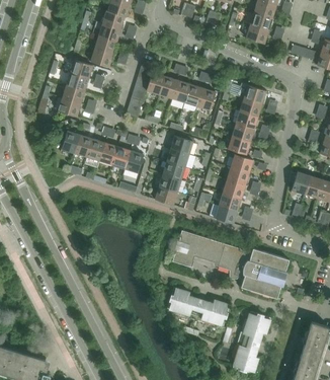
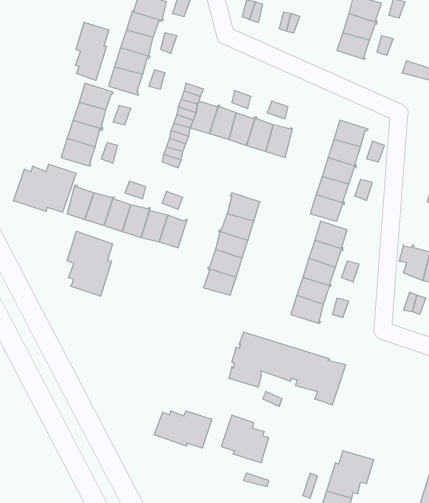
building: none -> [76,22,109,80]
building: none -> [13,164,76,212]
building: none -> [67,231,113,296]
building: [241,248,290,298] -> none
building: none -> [154,411,212,448]
building: [194,300,230,326] -> none

